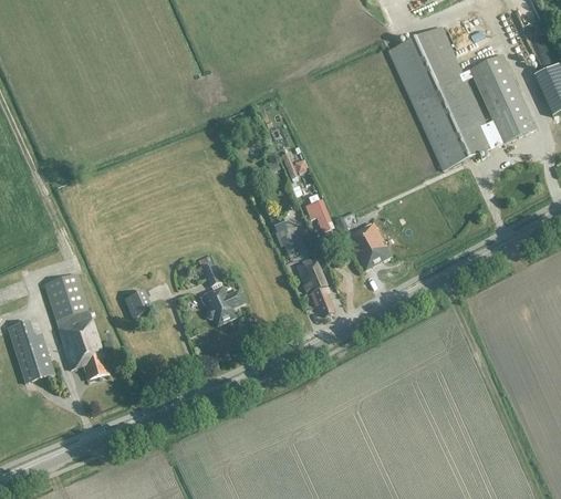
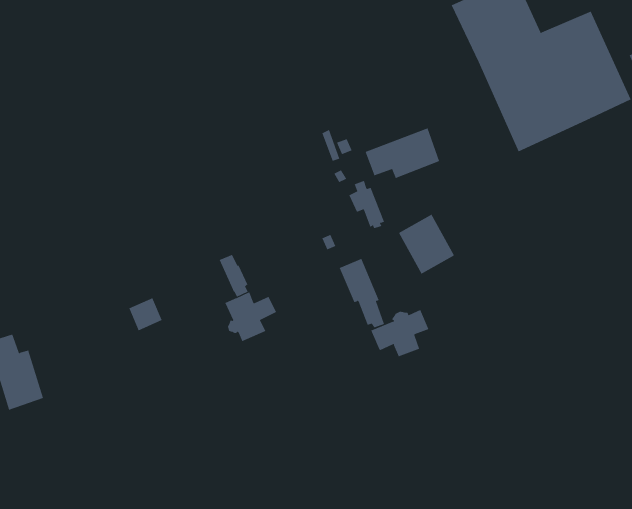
building: none -> [365,127,440,179]
building: [43,271,108,378] -> none
building: none -> [371,309,429,357]

